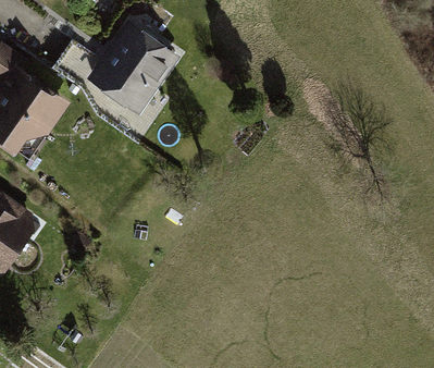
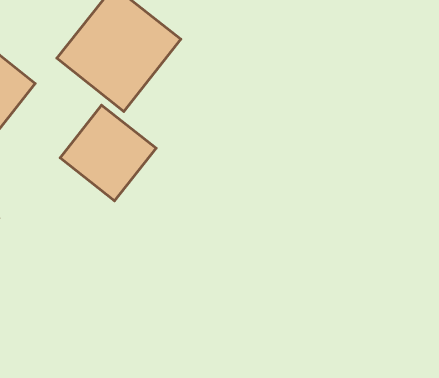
building: none -> [60,105,156,201]

